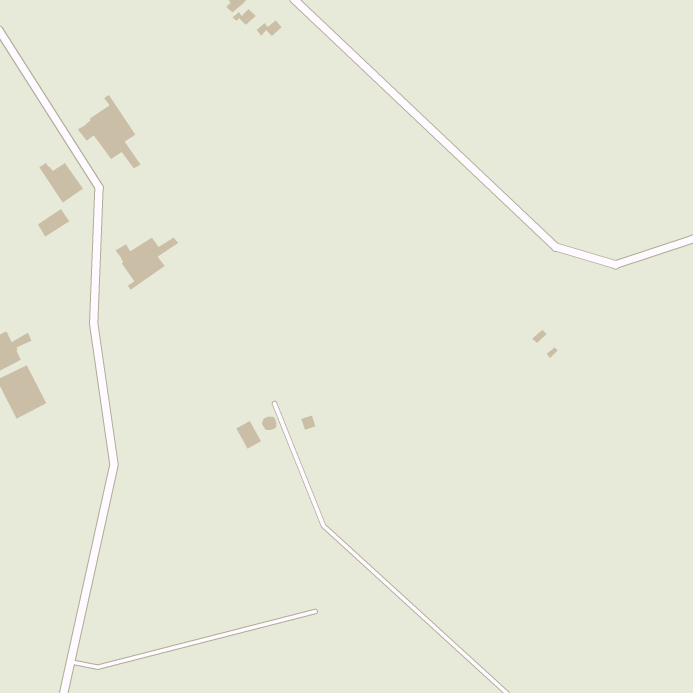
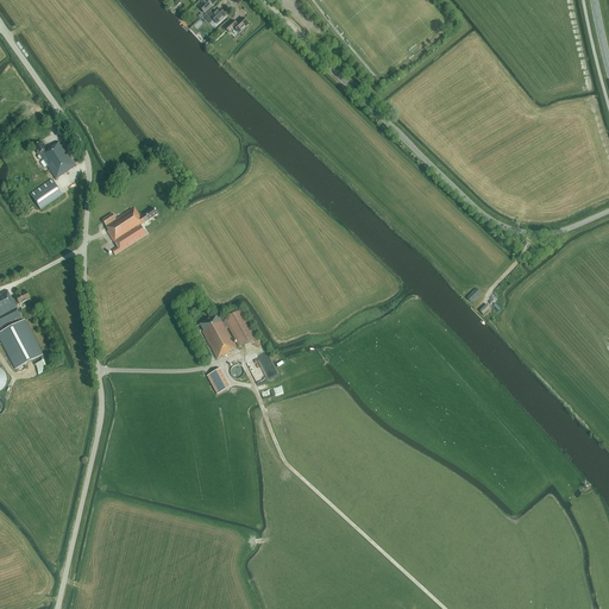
building: [76,94,142,170] -> none
building: none -> [199,309,255,358]

